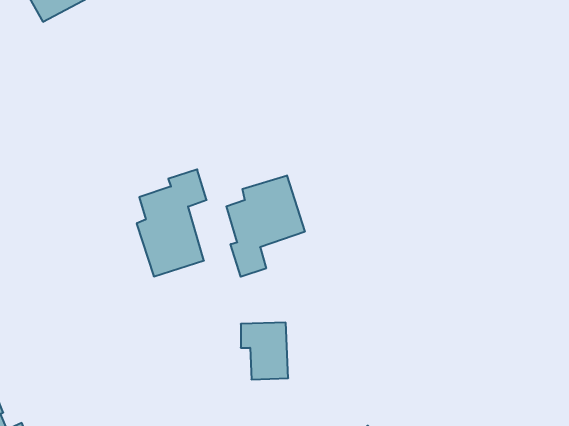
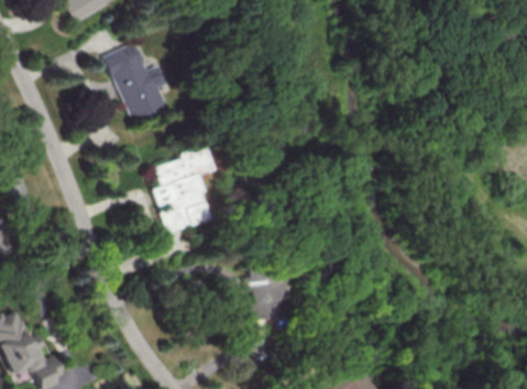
building: none -> [105,43,169,125]
building: [226,175,305,277] -> none

